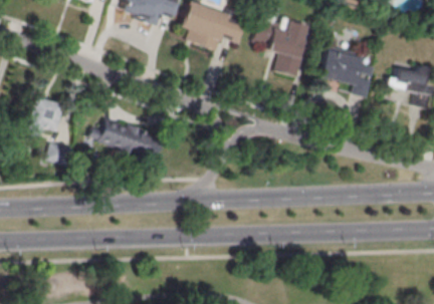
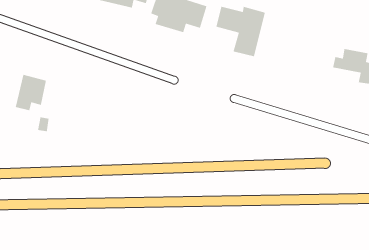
building: [320,46,375,98] -> none
building: [87,119,164,160] -> none

